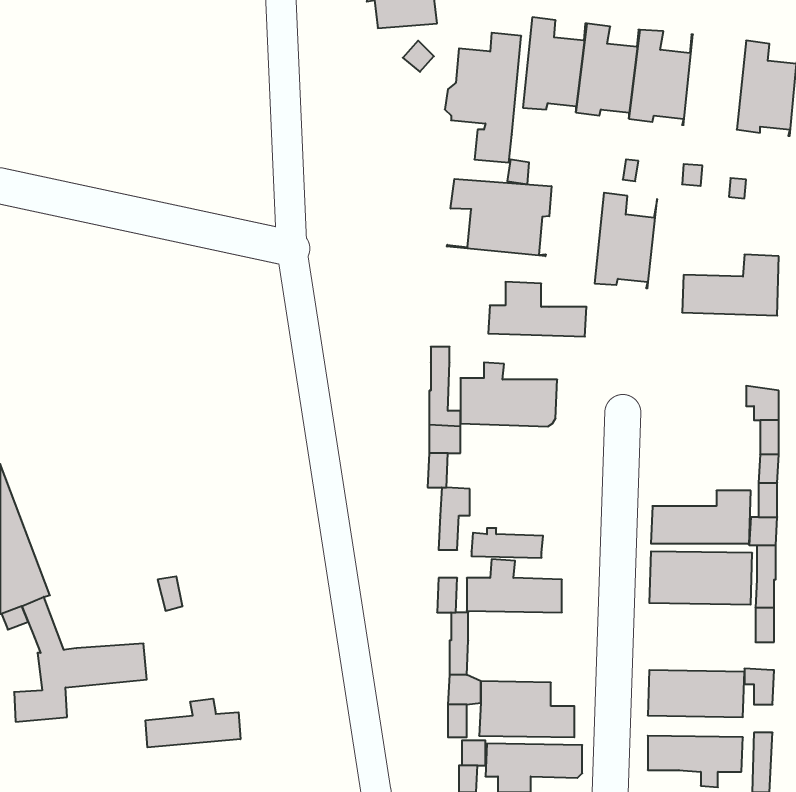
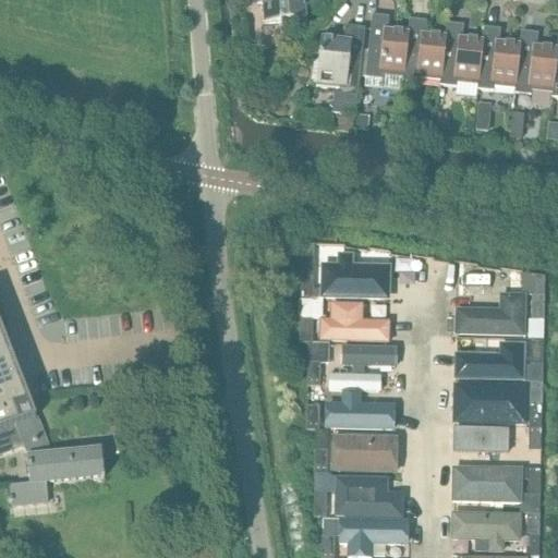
building: [447,179,551,256] -> none
building: [595,193,657,288] -> [478,24,522,90]
building: [682,255,779,316] -> [457,291,524,333]
building: [488,282,587,337] -> [320,302,389,340]
building: none -> [343,345,396,371]
building: none -> [453,424,509,450]
building: none -> [332,436,397,470]
building: [146,699,240,747] -> none

